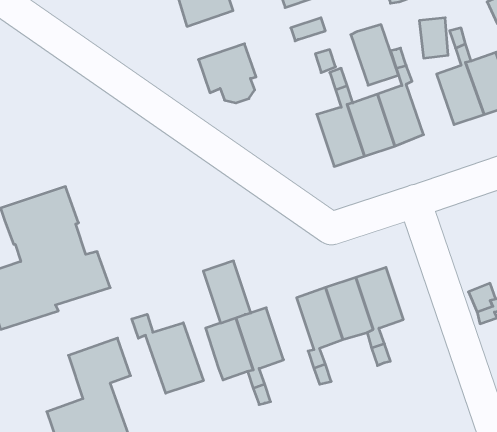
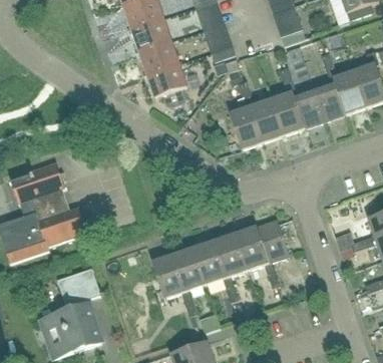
building: none -> [138,40,178,74]
building: [351,25,398,85] -> [291,84,324,126]
building: [203,261,251,323] -> [194,240,227,283]
building: [132,314,203,393] -> none

